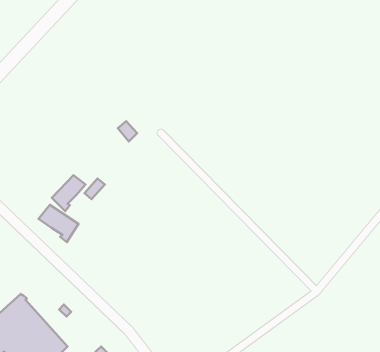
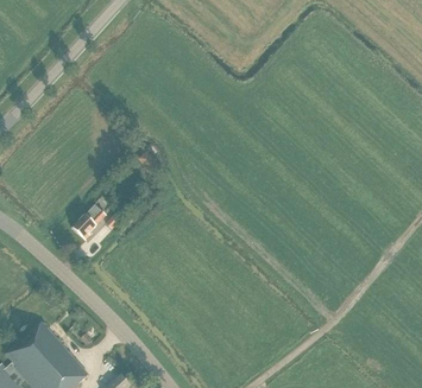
building: [39,205,79,242] -> none

